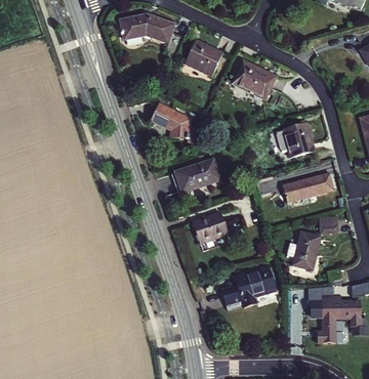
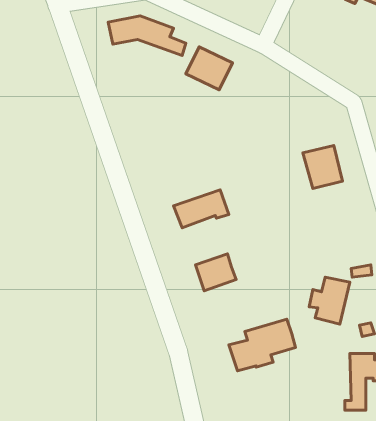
building: [232,60,277,99] -> none
building: [151,103,198,142] -> none
building: [282,172,333,202] -> none

